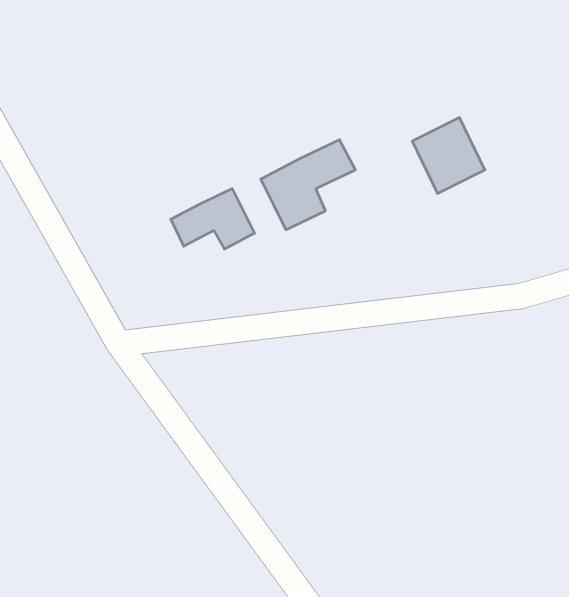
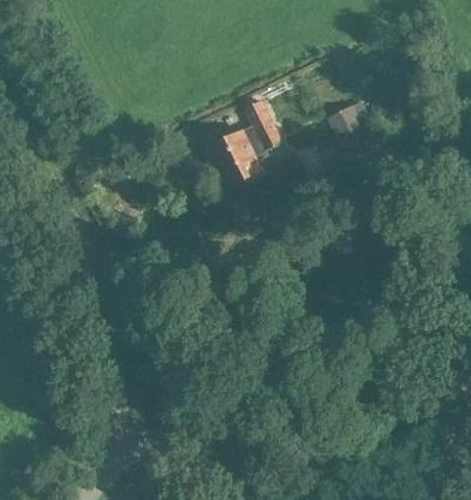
building: [171,189,255,249] -> none

